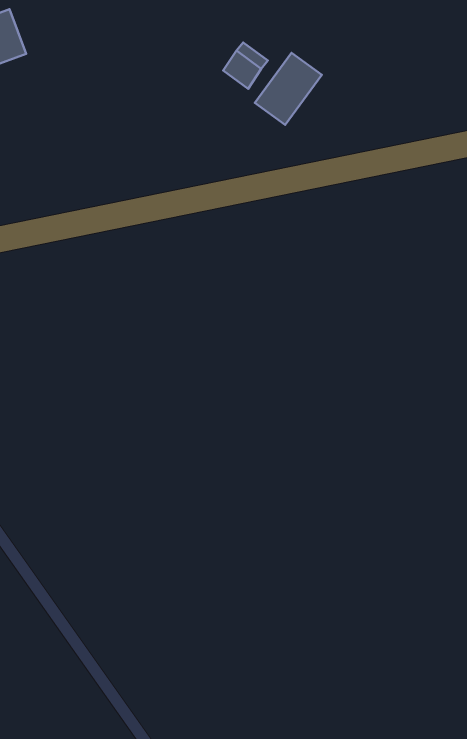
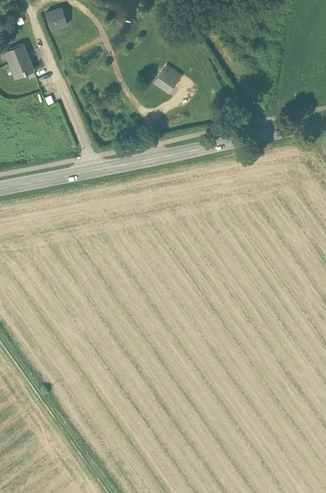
building: [255,53,322,125] -> none

